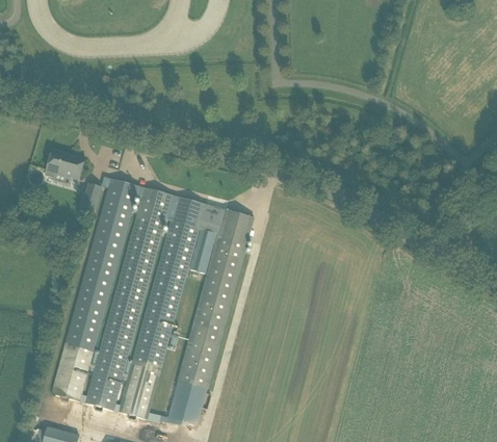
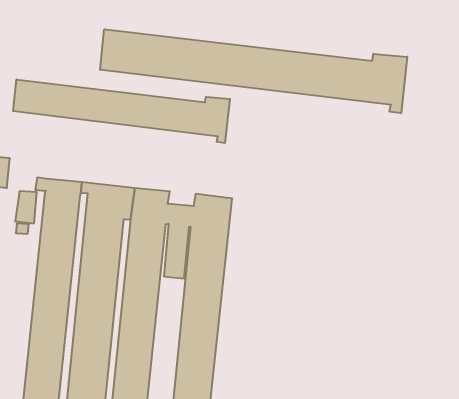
building: none -> [100,29,407,113]
building: none -> [13,79,230,143]

